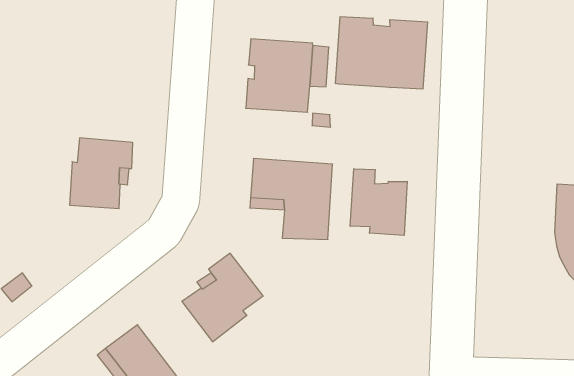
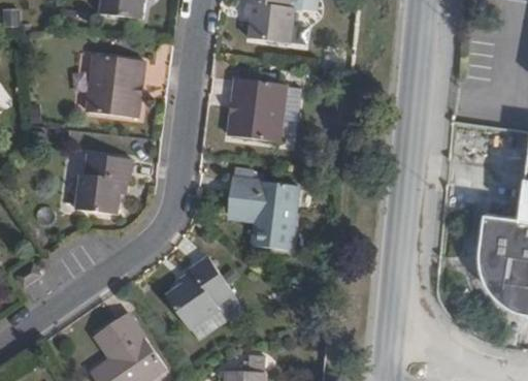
building: [336,17,427,89] -> none
building: none -> [87,54,143,118]
building: [350,169,407,235] -> none

